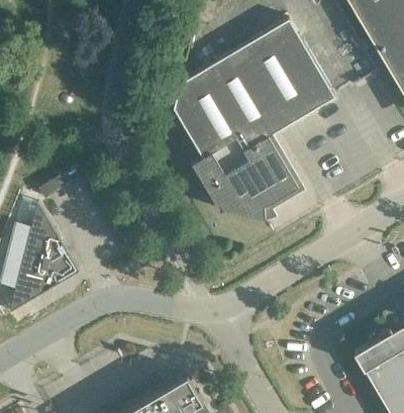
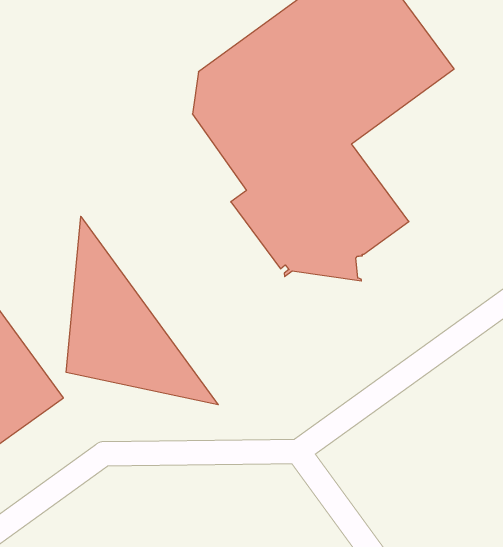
building: none -> [66,216,218,405]

